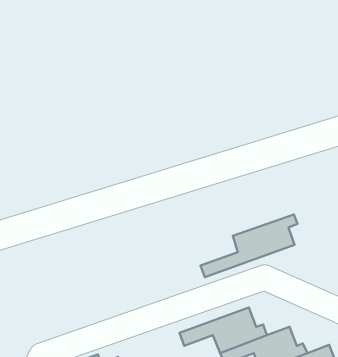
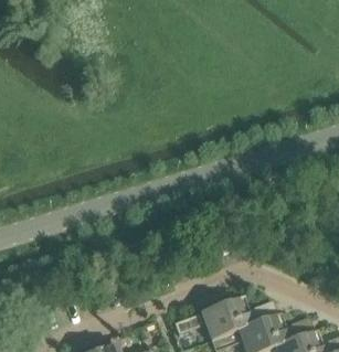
building: [201,215,298,277] -> none

